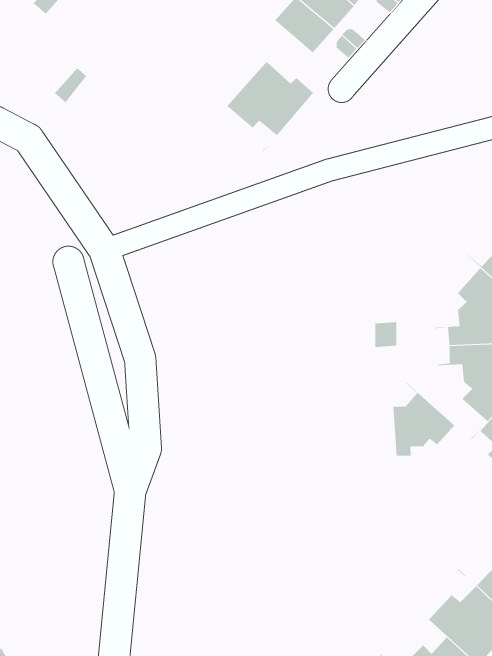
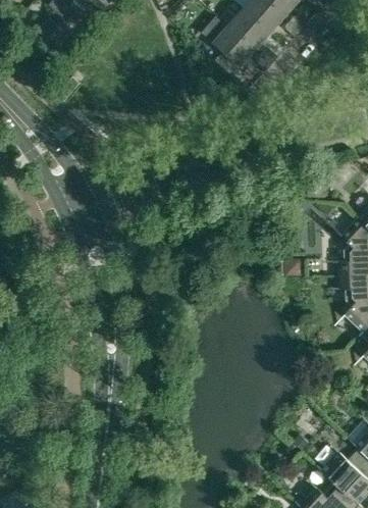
building: [212,61,314,152] -> none
building: [393,382,470,466] -> none

